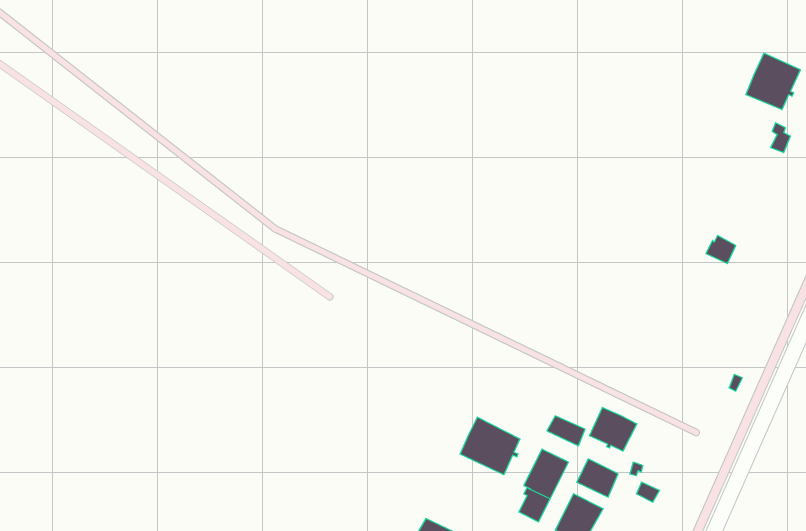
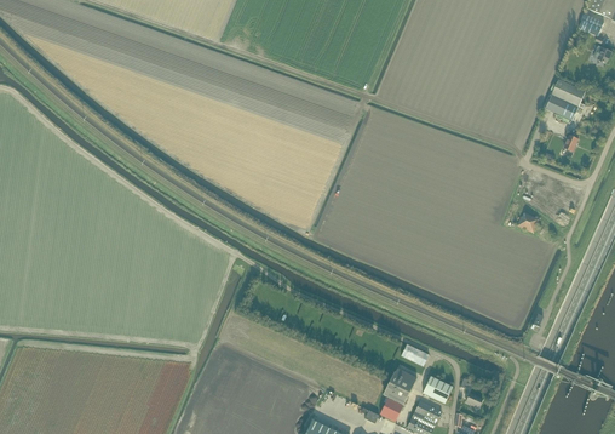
building: [590,407,637,451] -> none
building: [460,417,520,475] -> none

